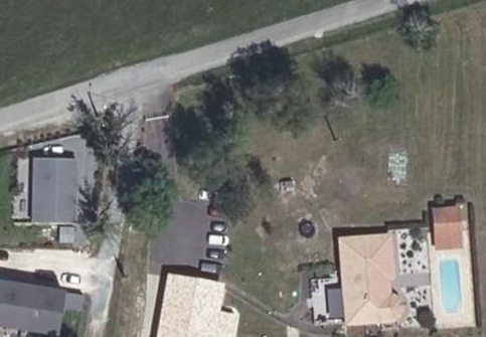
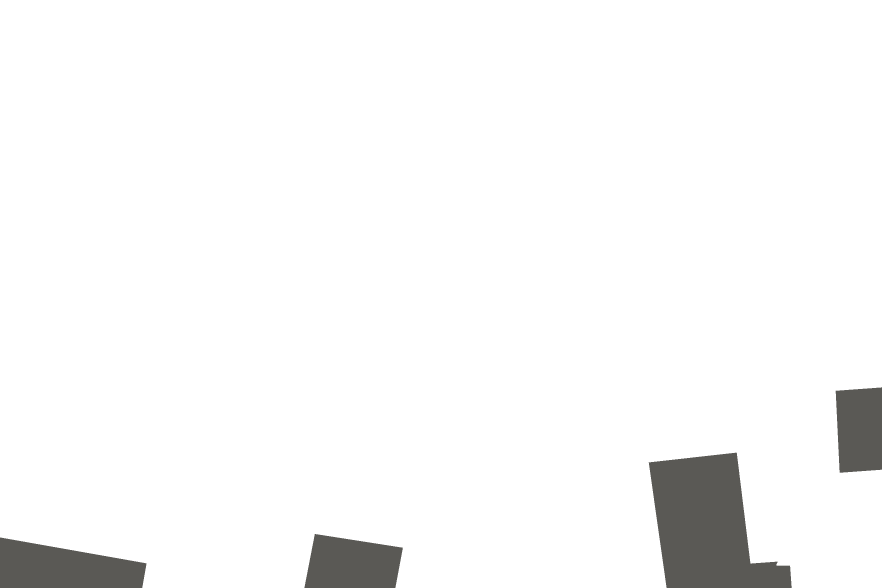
building: [31,156,77,222] -> none

